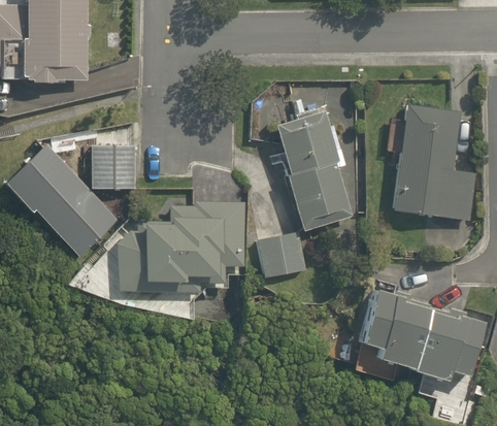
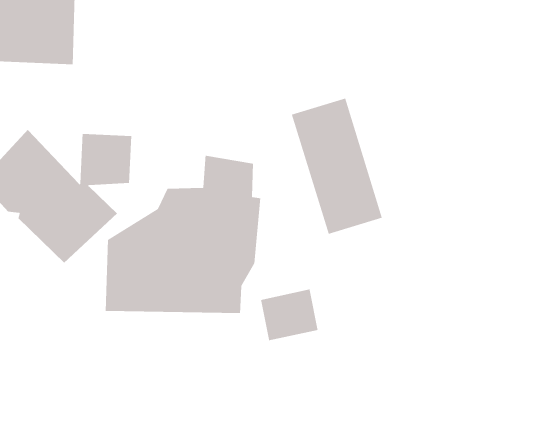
building: [394,104,475,218] -> none
building: [258,231,308,276] -> [260,289,319,341]
building: [359,290,485,383] -> none

